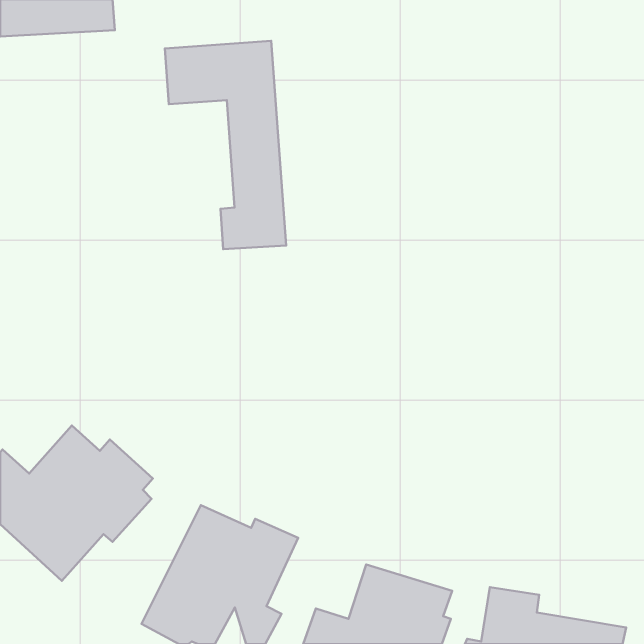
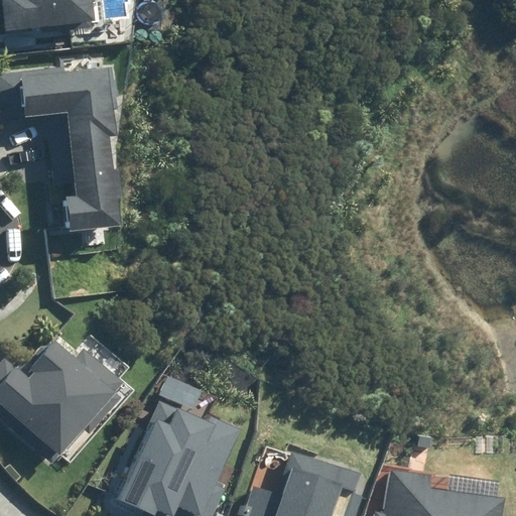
building: [165,41,286,249] -> [20,67,117,233]

